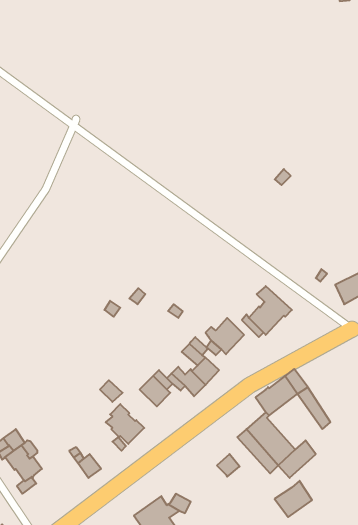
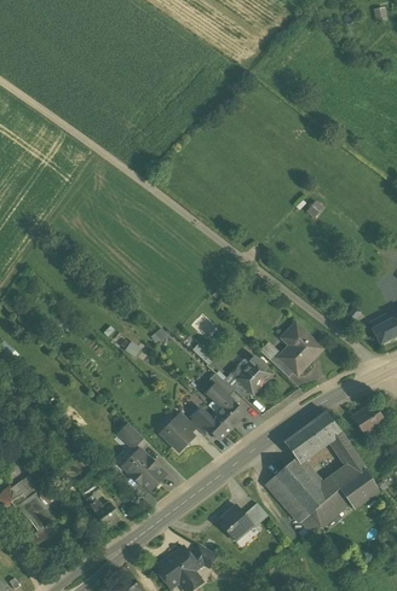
building: none -> [352,401,385,431]
building: none -> [218,504,253,539]
building: [275,481,312,517] -> [338,468,378,506]

